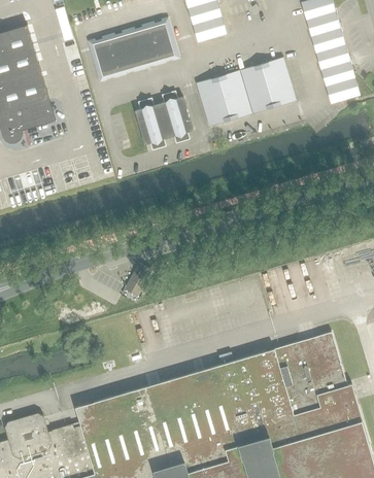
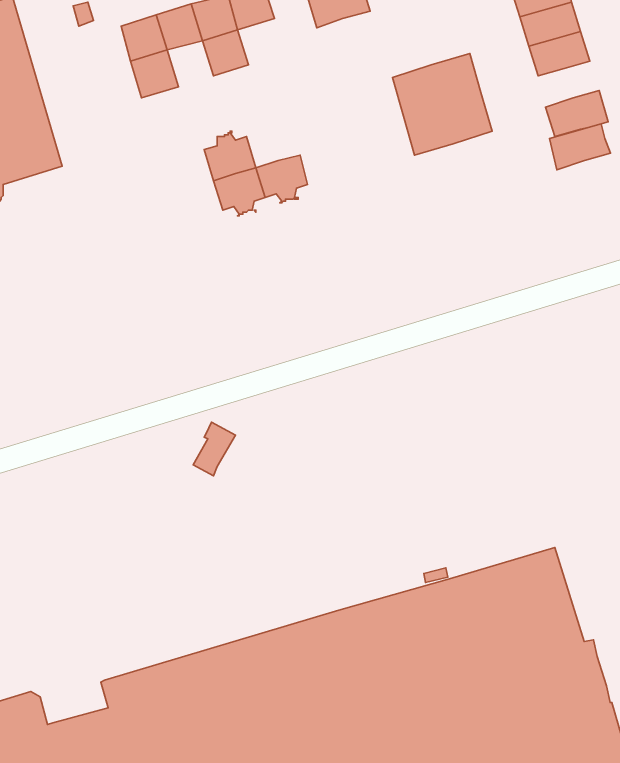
building: [152,37,178,63] -> none
building: [113,49,139,75] -> none
building: [320,61,354,87] -> [550,124,610,170]
building: [196,70,251,126] -> none
building: [158,94,188,121] -> none

